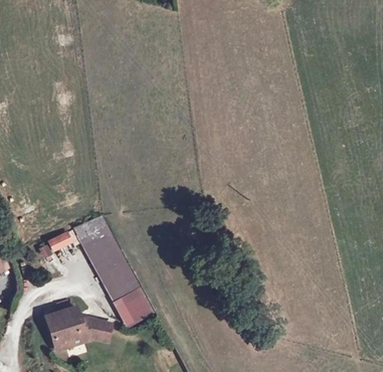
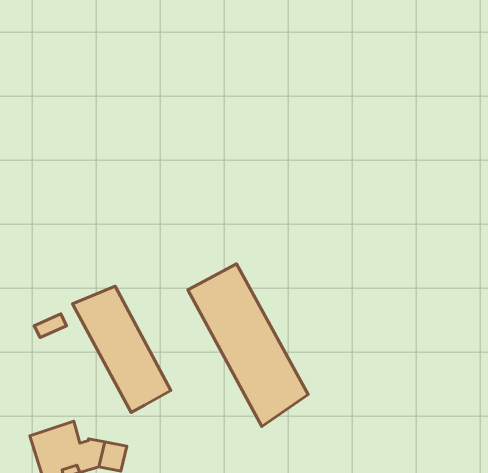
building: none -> [188,264,308,426]
building: [123,287,154,321] -> none

